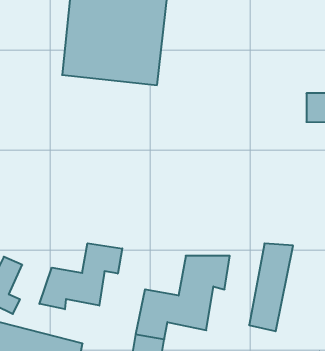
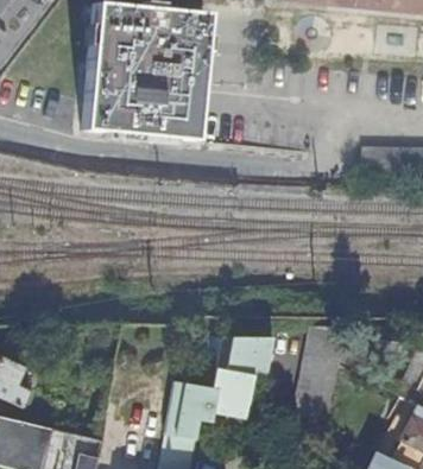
building: [39,243,122,309] -> none

